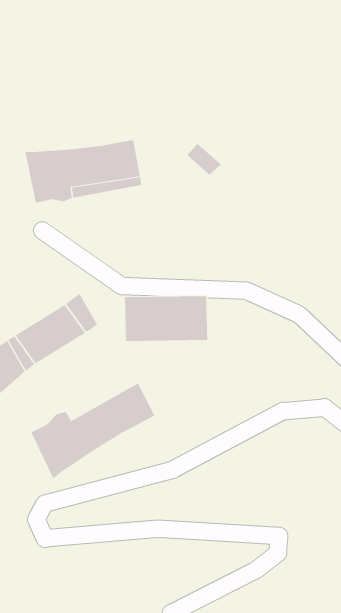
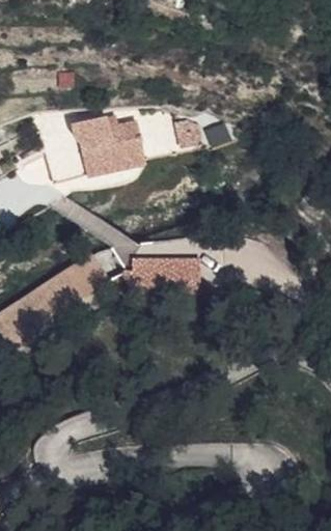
building: [31,382,155,479] -> none

